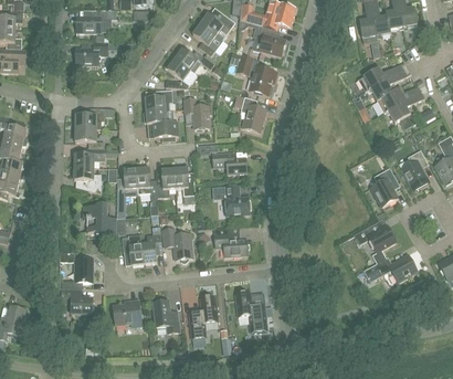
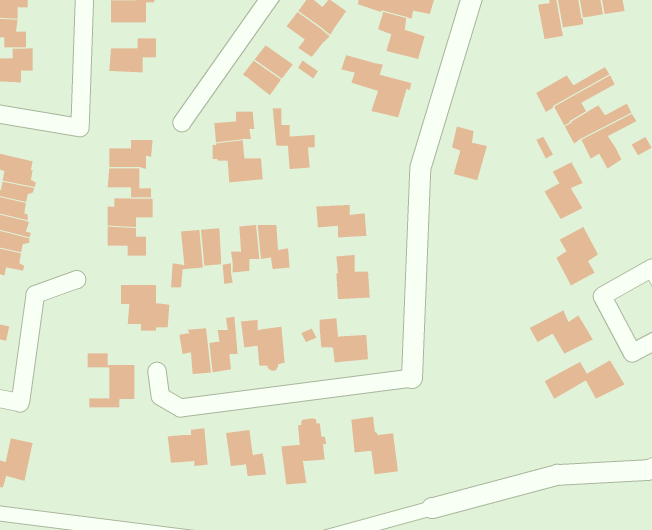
building: [241,95,265,131] -> [451,126,488,181]
building: [402,149,429,188] -> [544,162,584,220]
building: [62,288,92,314] -> none

